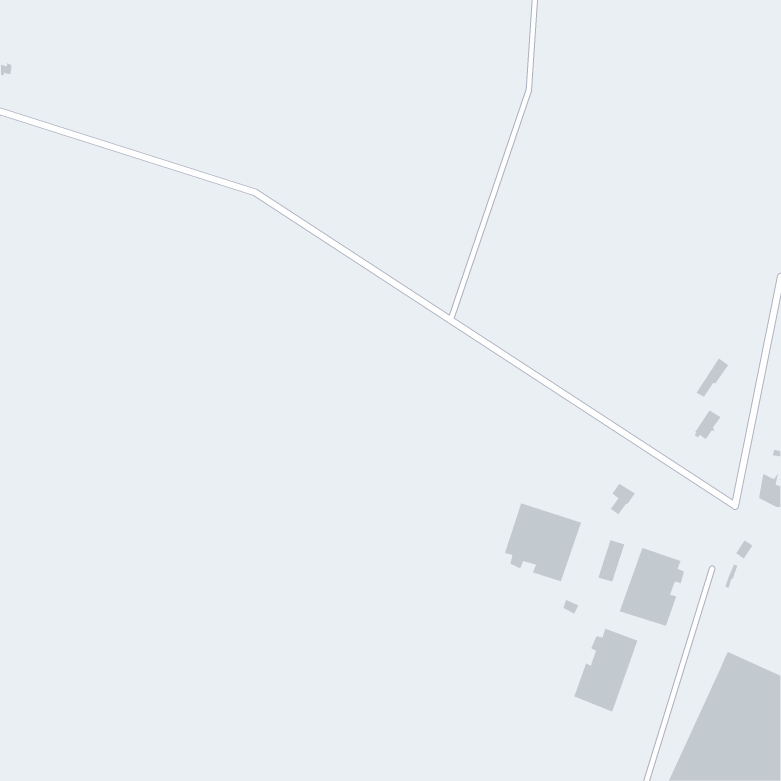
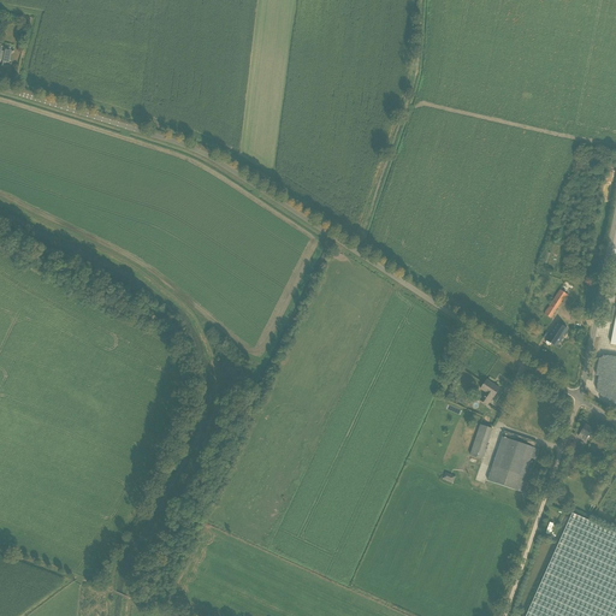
building: [504,503,582,582] -> none
building: [573,628,638,713] -> none

